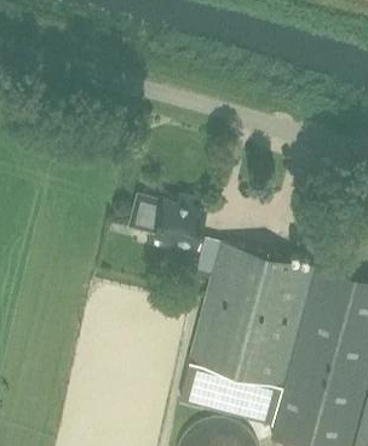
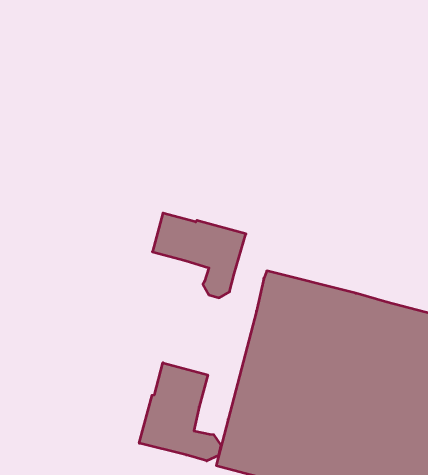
building: none -> [139,363,221,461]

